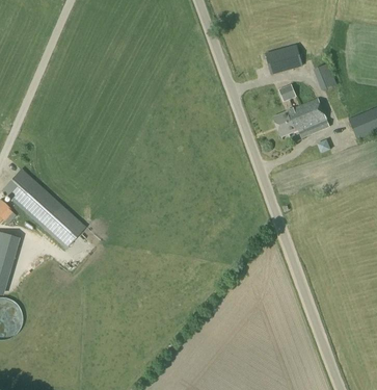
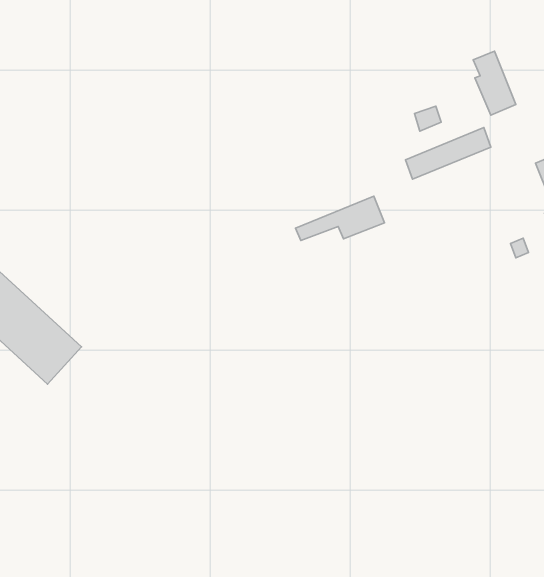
building: [265,43,303,74] -> none
building: [277,109,329,135] -> [296,196,385,241]

